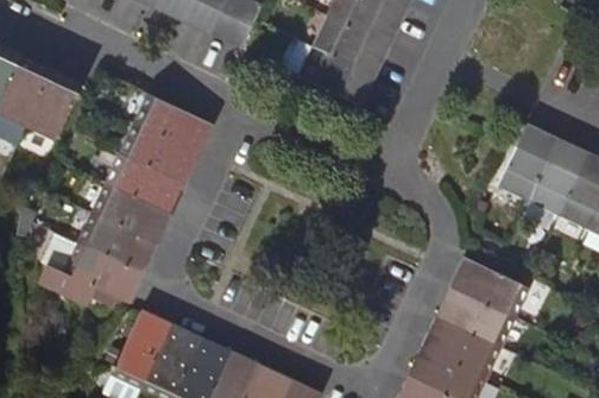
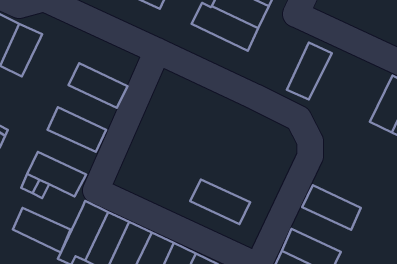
building: [133,91,212,152] -> none
building: [497,124,557,201] -> [287,42,332,100]
building: [105,151,184,211] -> none
building: [77,211,156,272] -> [13,208,71,252]
building: [449,255,529,317] -> none
building: [421,316,502,377] -> [190,179,250,224]

